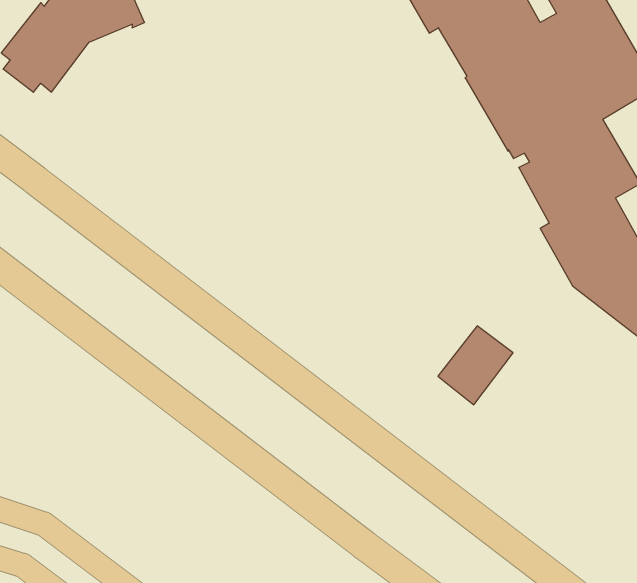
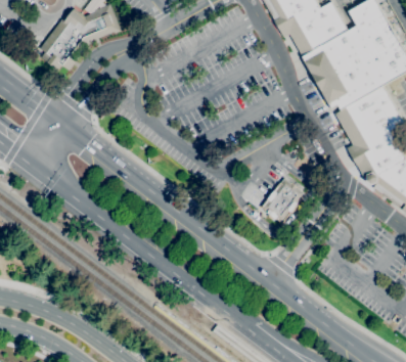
building: [438,326,513,405] -> [263,180,306,225]

